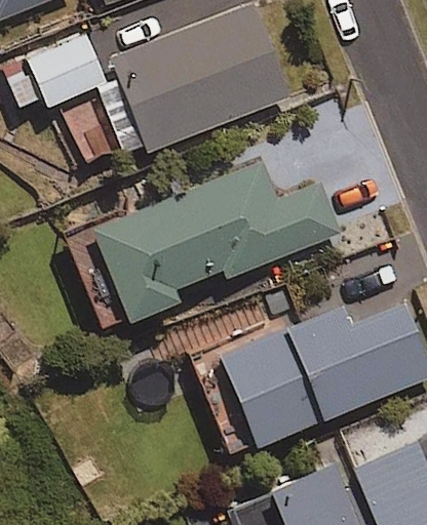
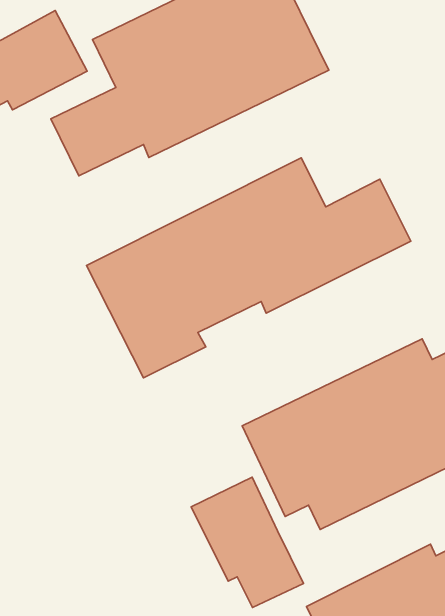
building: none -> [191,477,303,608]

